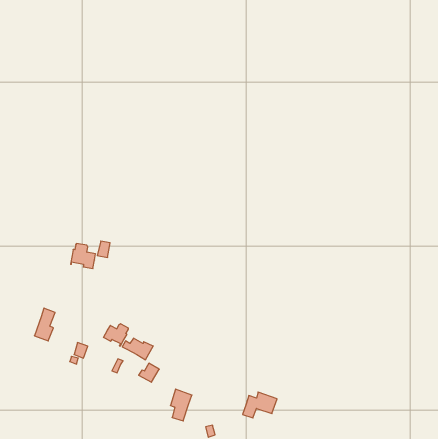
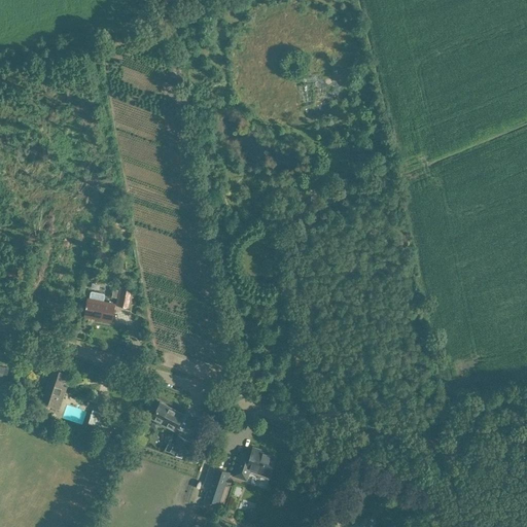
building: [104,324,128,346] -> none
building: [243,392,277,418] -> [236,450,277,481]

